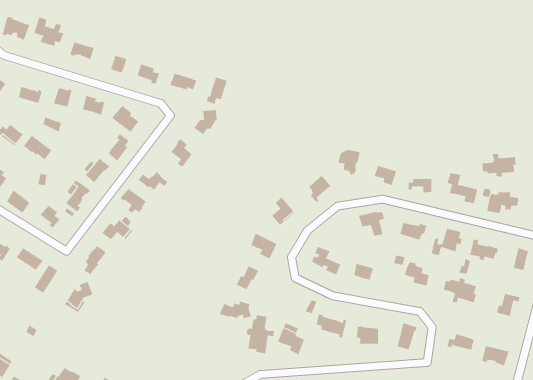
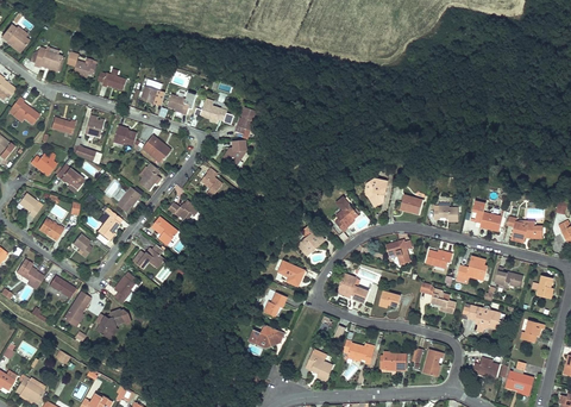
building: [482,153,516,177] -> none
building: [246,314,275,354] -> none

